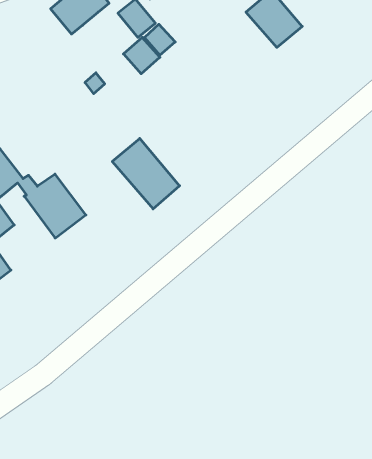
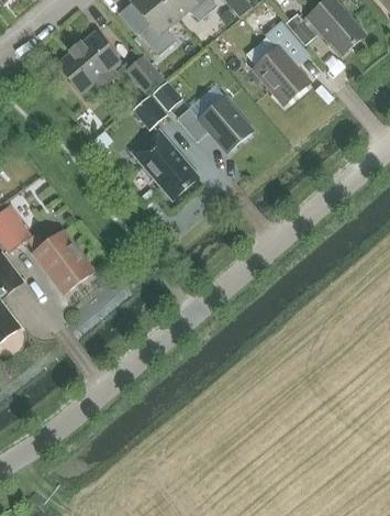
building: none -> [176,96,253,152]
building: [112,138,180,209] -> [131,128,198,198]

